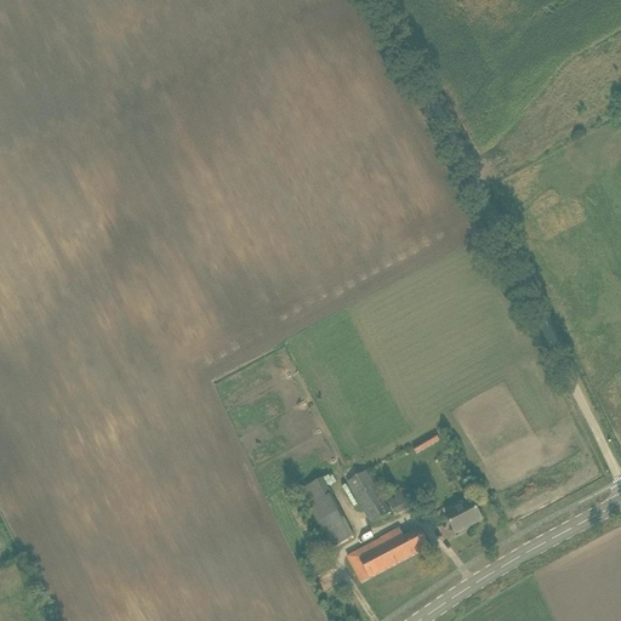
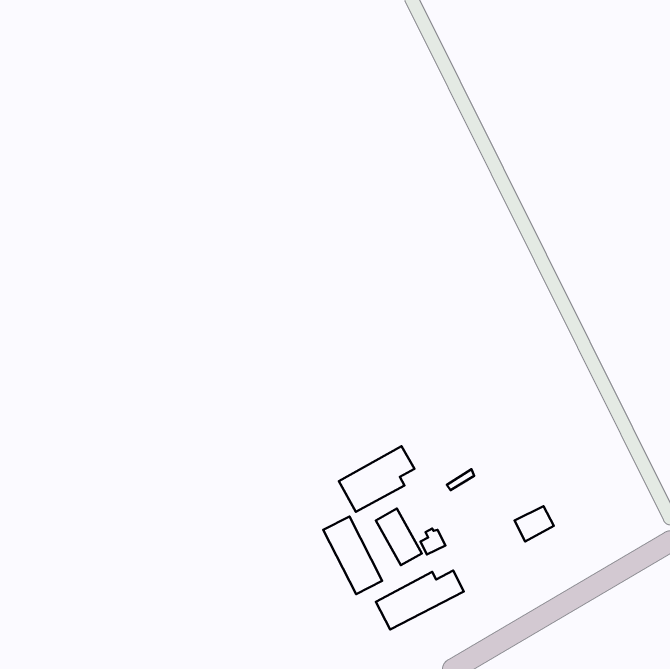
building: none -> [339,446,415,512]
building: [444,500,480,532] -> [515,506,554,542]

